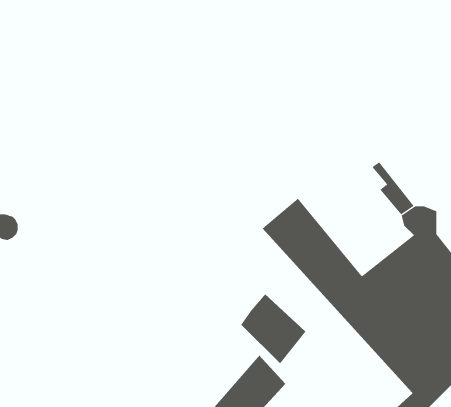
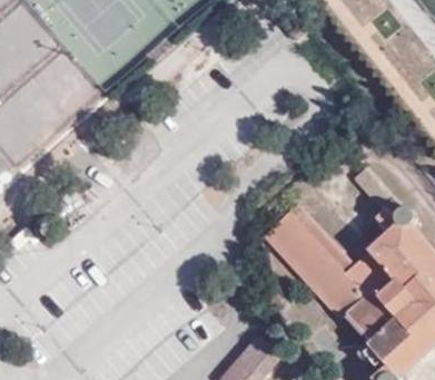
building: [240,294,306,364] -> none

